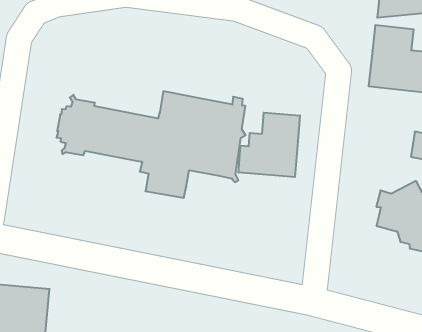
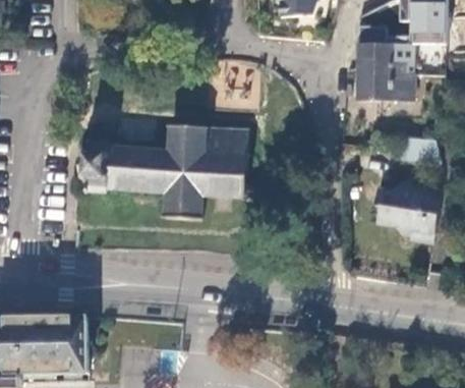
building: [238,113,300,177] -> none

